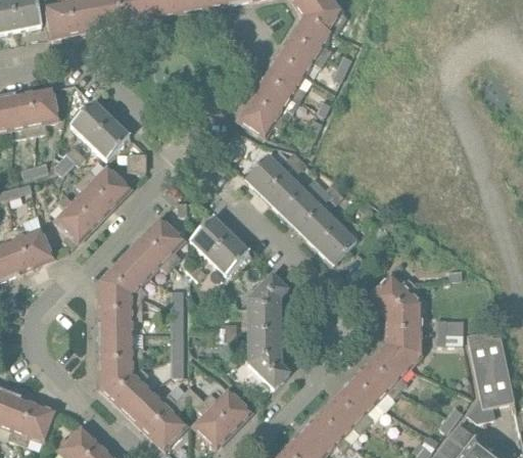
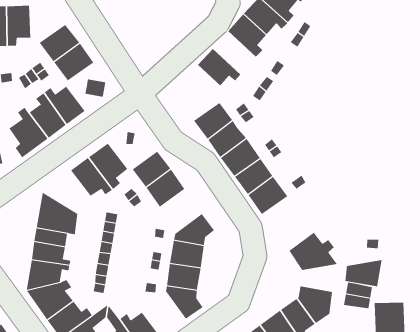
building: [251,78,298,121] -> none
building: [99,253,150,296] -> none
building: [385,302,422,331] -> [345,259,383,287]

